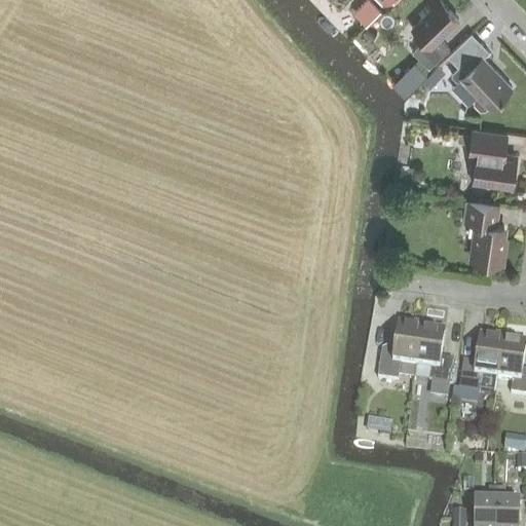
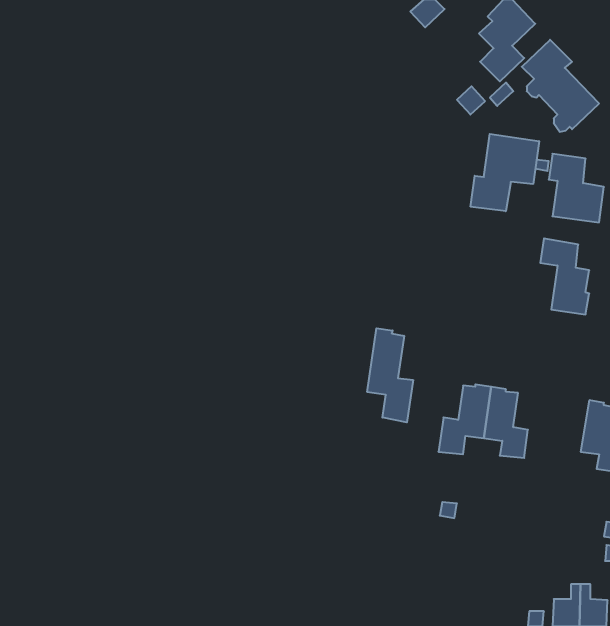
building: none -> [471,134,539,211]
building: none -> [367,328,413,422]
building: [450,335,503,407] -> none

